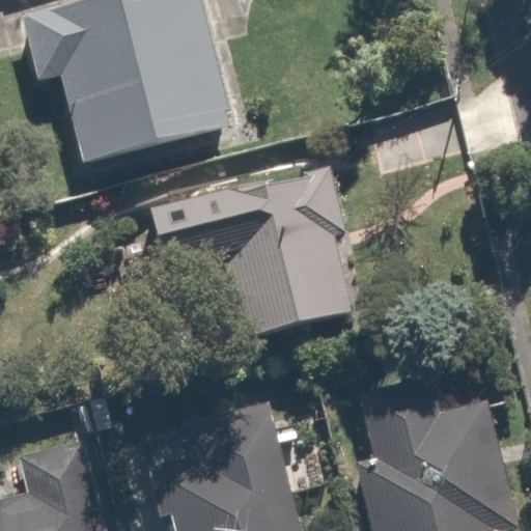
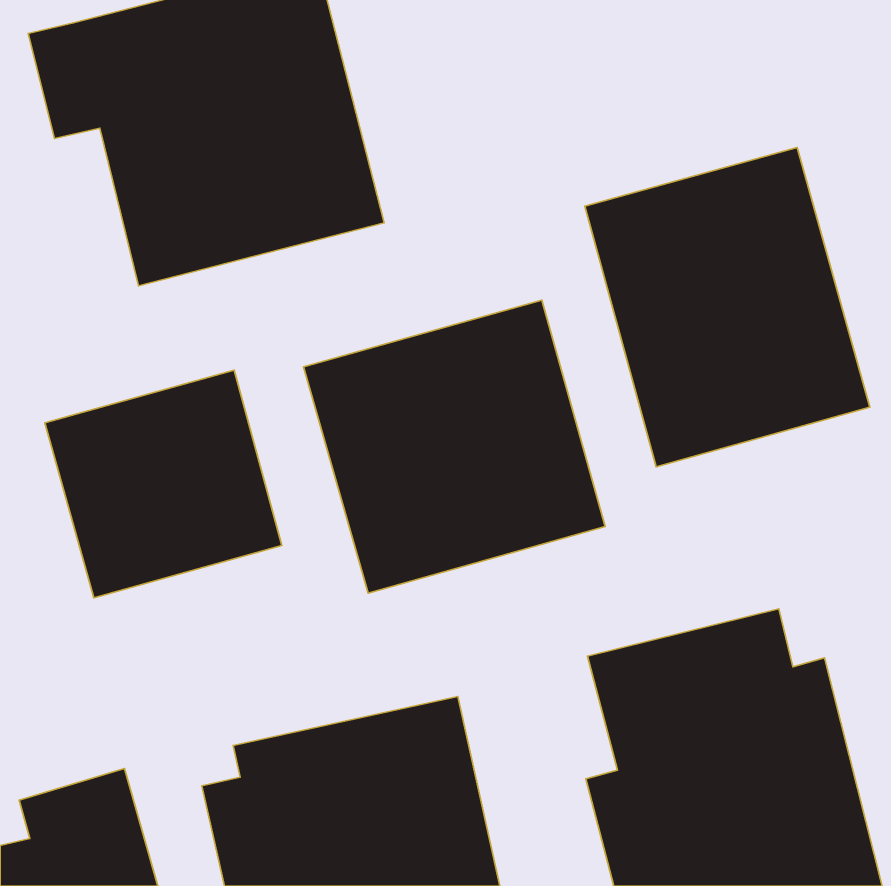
building: none -> [585,148,870,467]
building: none -> [45,370,282,598]

